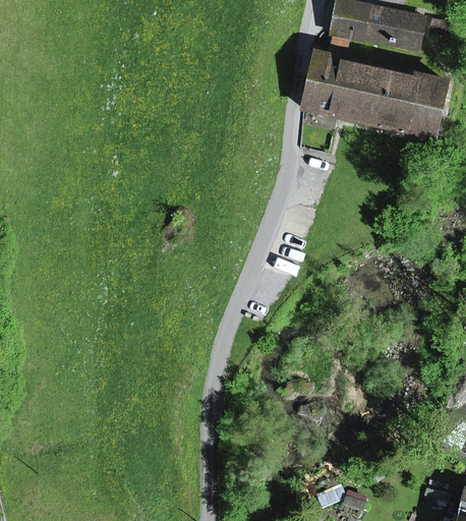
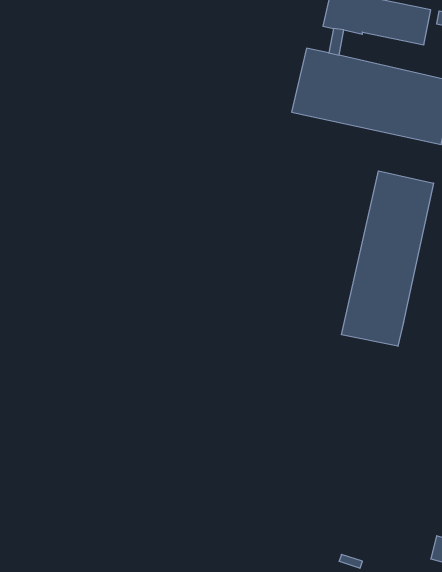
building: none -> [342,171,434,346]

